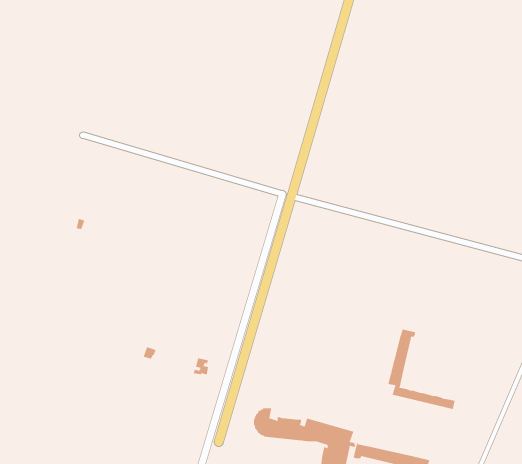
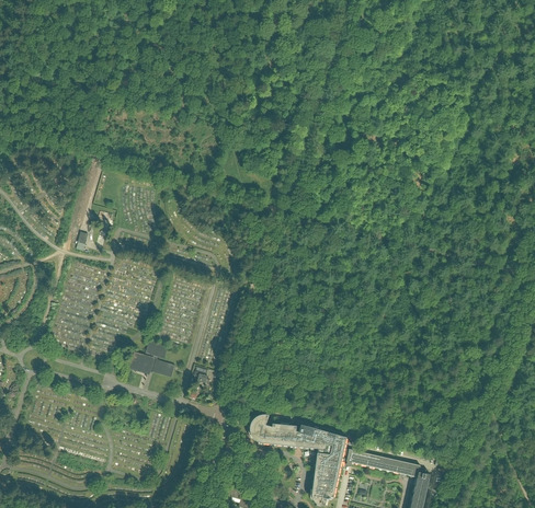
building: [388,328,455,410] -> none

